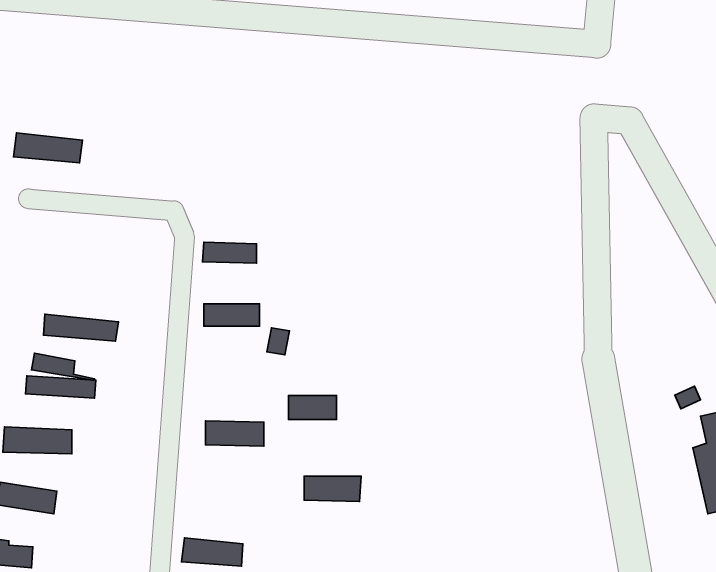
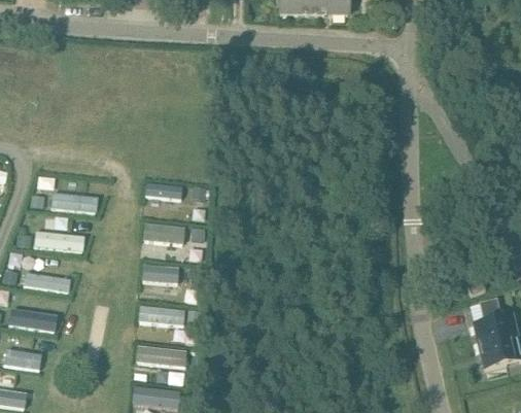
building: [14,133,83,163] -> [48,192,96,212]
building: [288,396,336,420] -> [143,265,176,281]
building: [304,476,361,502] -> [144,347,183,365]

